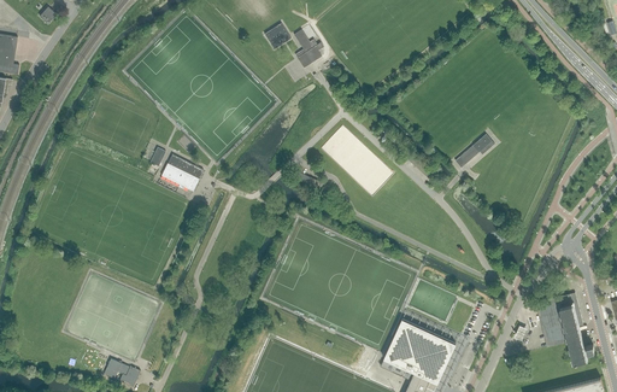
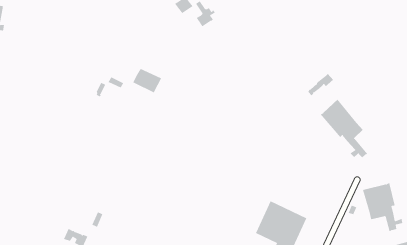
building: [160,156,202,192] -> [132,68,162,93]
building: none -> [320,99,368,158]

